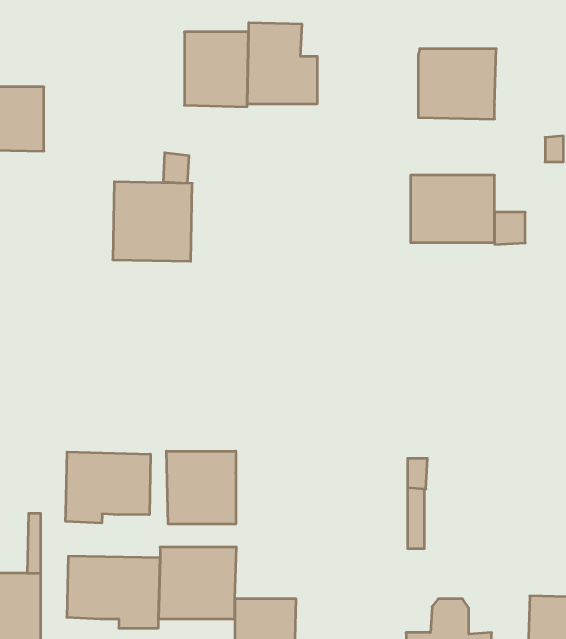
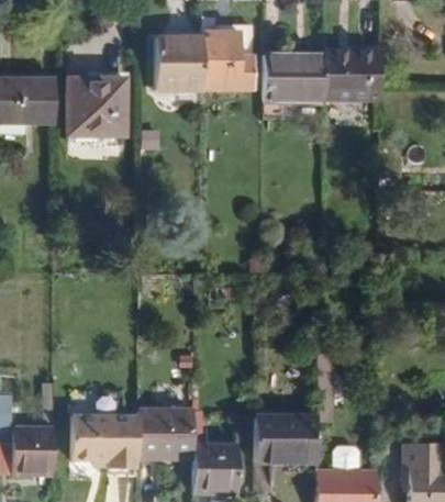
building: [411,175,495,243] -> [265,54,325,102]
building: [113,182,192,261] -> [68,77,125,134]
building: [166,451,236,524] -> none
building: [66,452,150,523] -> none
building: none -> [256,415,318,462]

